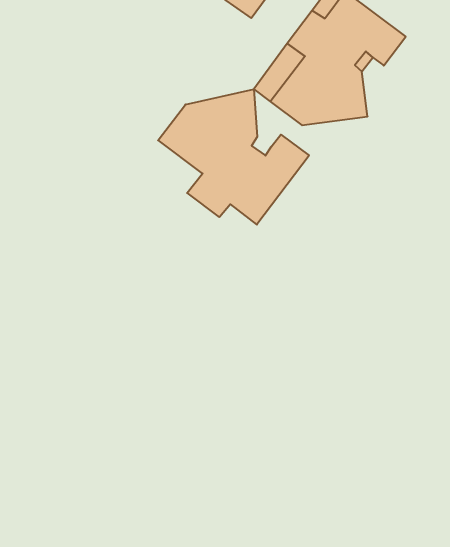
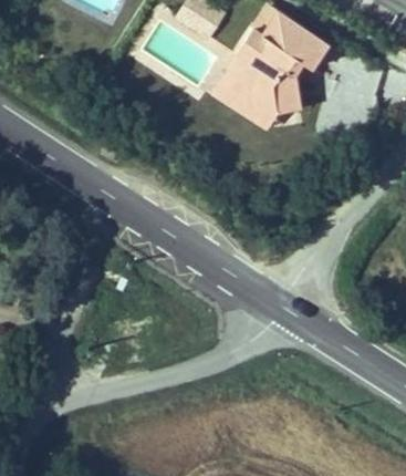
building: [158,89,309,225] -> none

